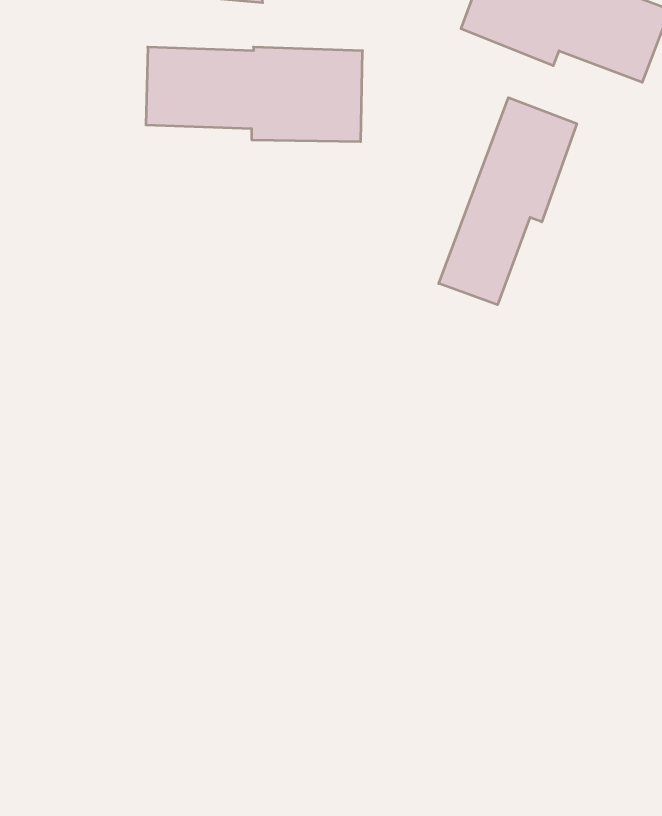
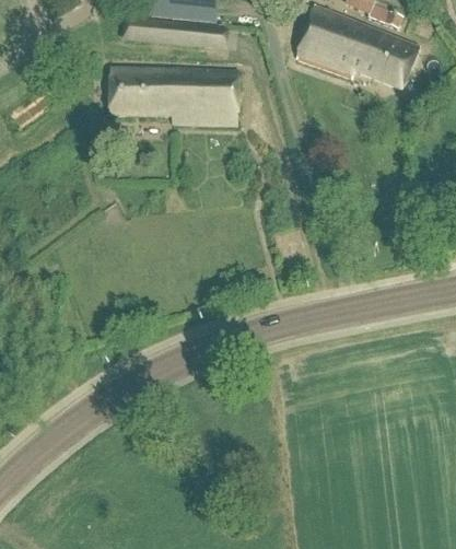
building: [439,98,577,305] -> none

